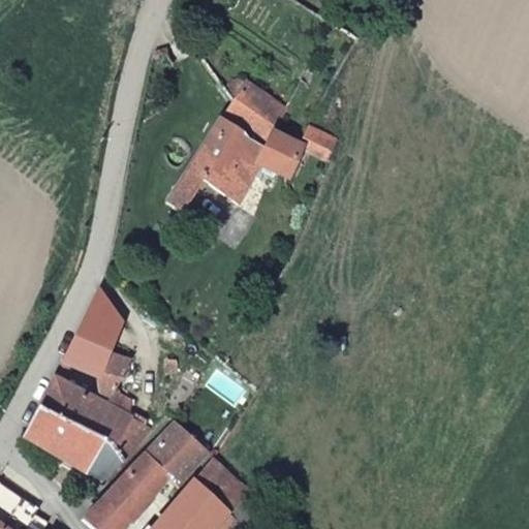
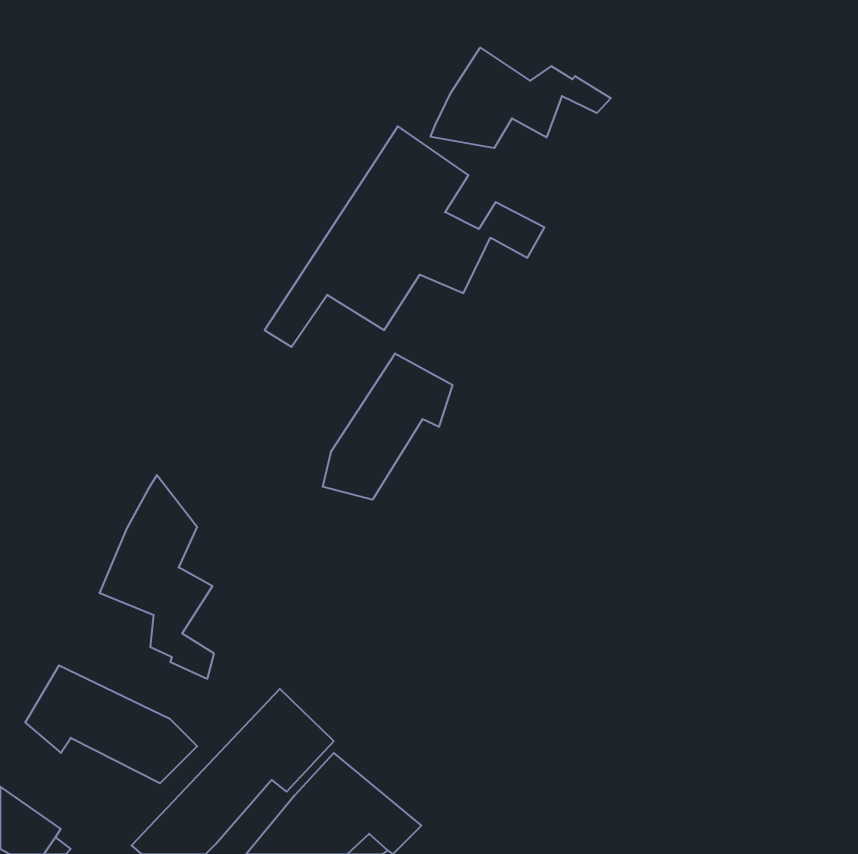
building: none -> [431,48,611,148]
building: none -> [323,353,452,500]
building: [38,378,153,458] -> none

